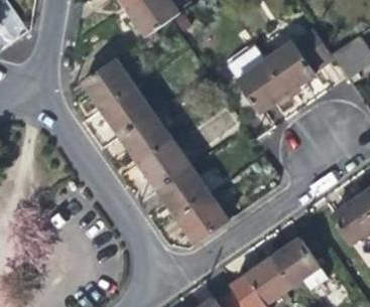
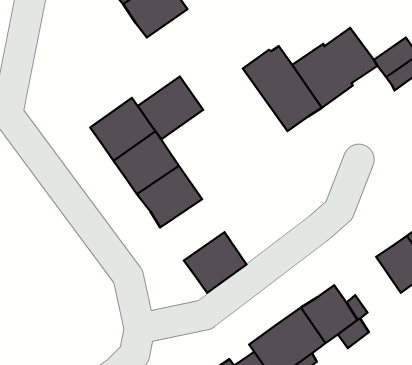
building: [81,56,134,108] -> [138,76,203,139]
building: [157,166,210,216] -> none

